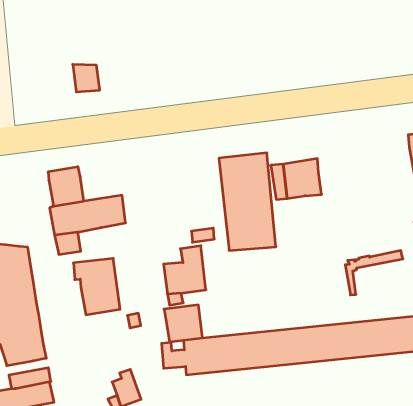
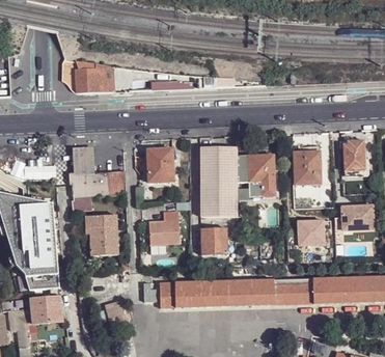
building: none -> [77,68,98,91]
building: none -> [295,152,322,184]
building: none -> [147,148,173,182]
building: none -> [249,181,276,197]
building: [164,305,202,342] -> [202,228,229,254]

